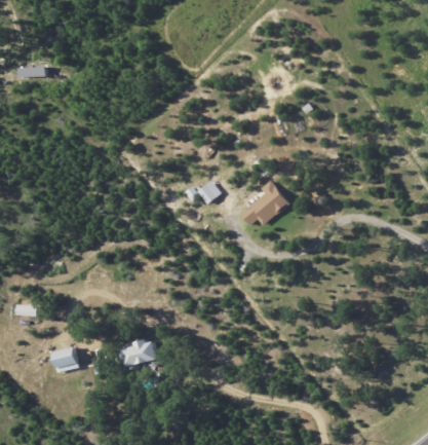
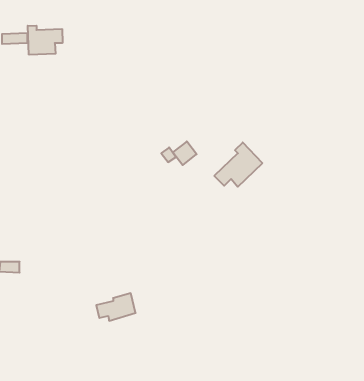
building: none -> [28,26,62,55]
building: [50,345,80,373] -> none

